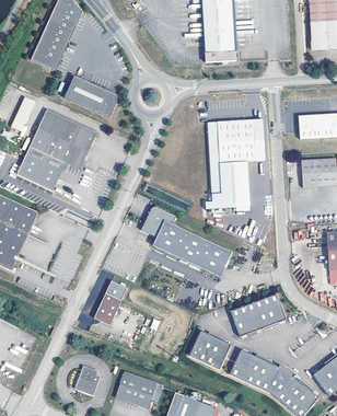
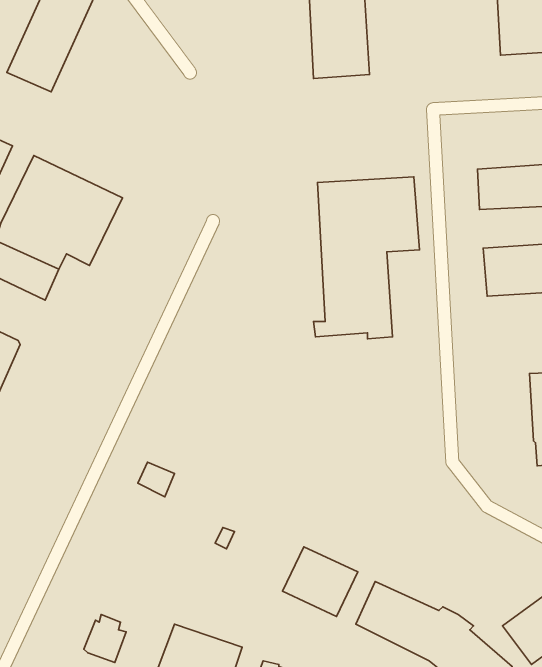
building: [65,74,117,118] -> none
building: [141,206,231,275] -> none
building: [229,291,286,335] -> none
building: [93,292,120,325] -> none

